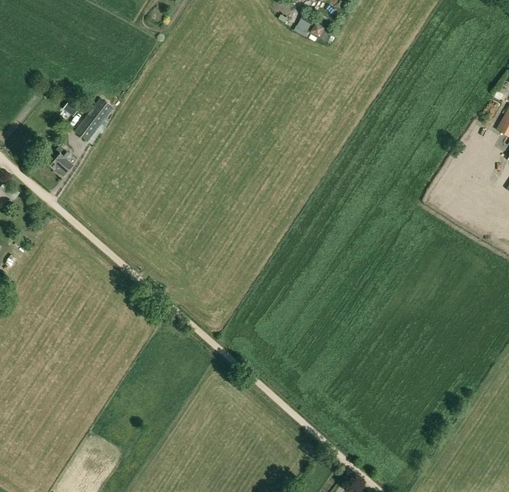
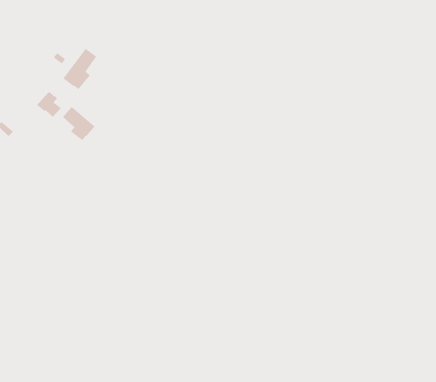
building: none -> [62,106,95,141]

